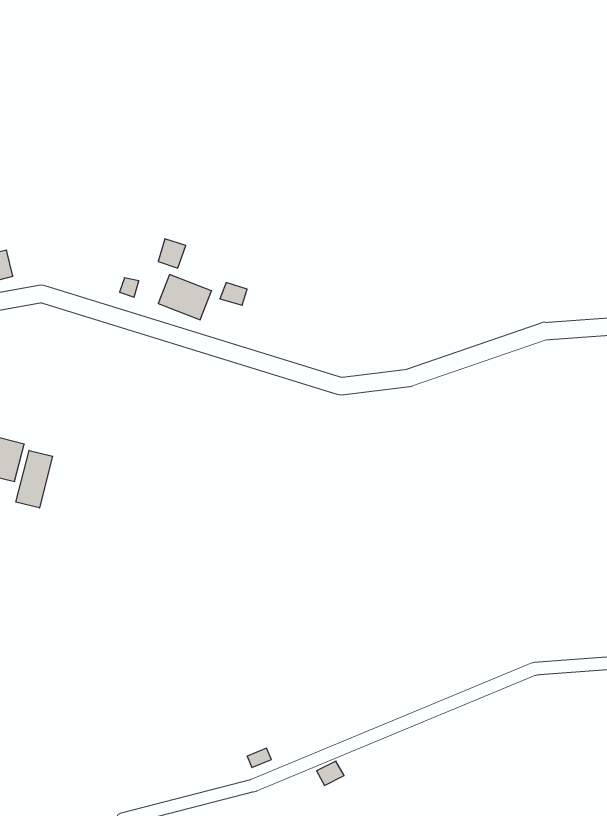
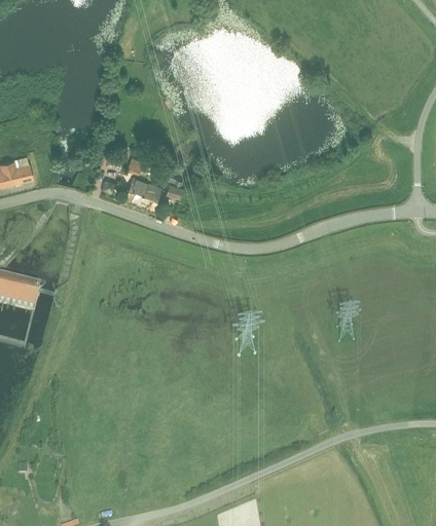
building: [16,450,53,508] -> none

